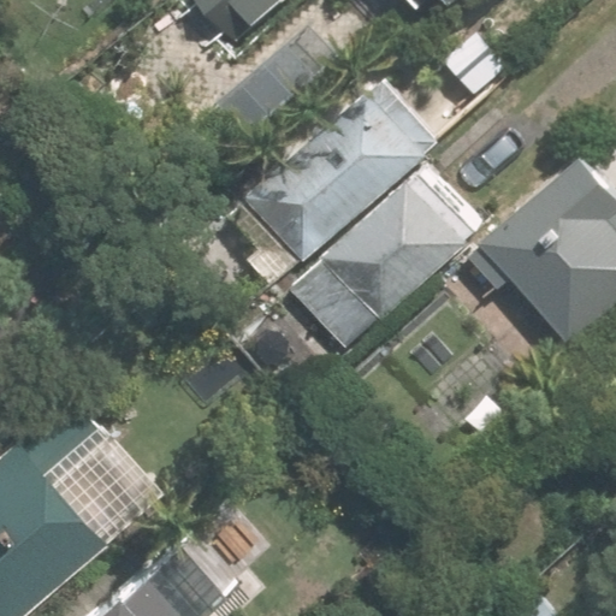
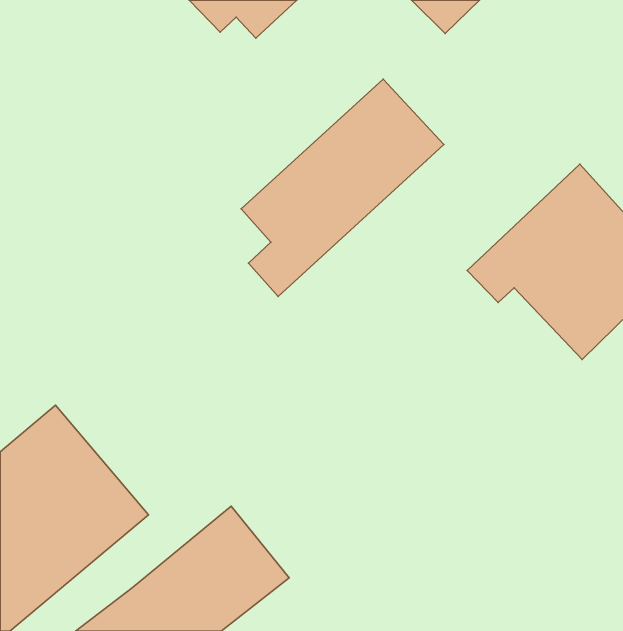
building: [279,156,485,356] -> none

